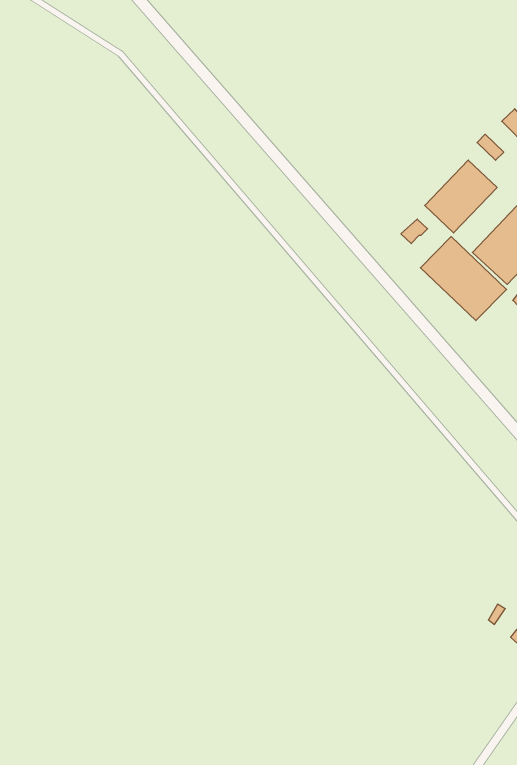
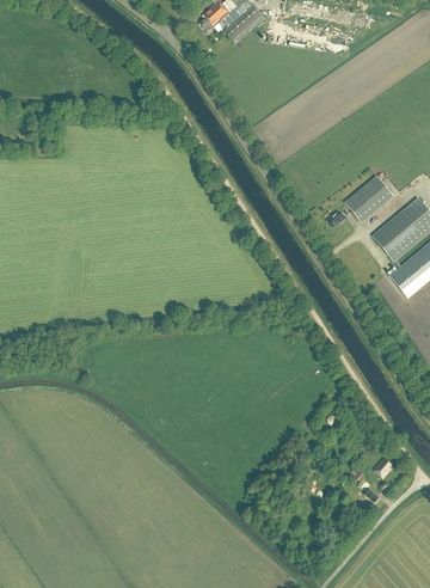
building: [420,237,507,321] -> none

